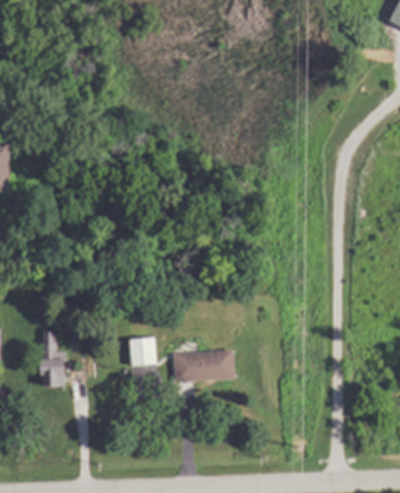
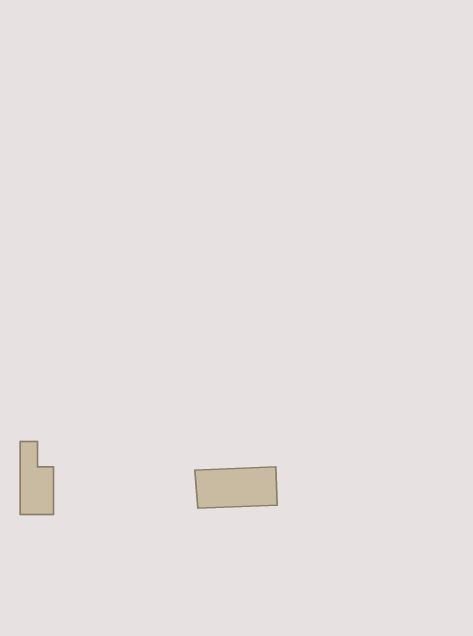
building: [128,338,155,366] -> none

